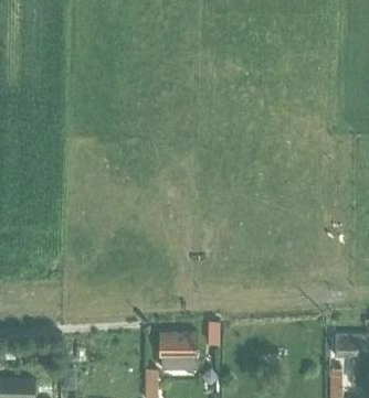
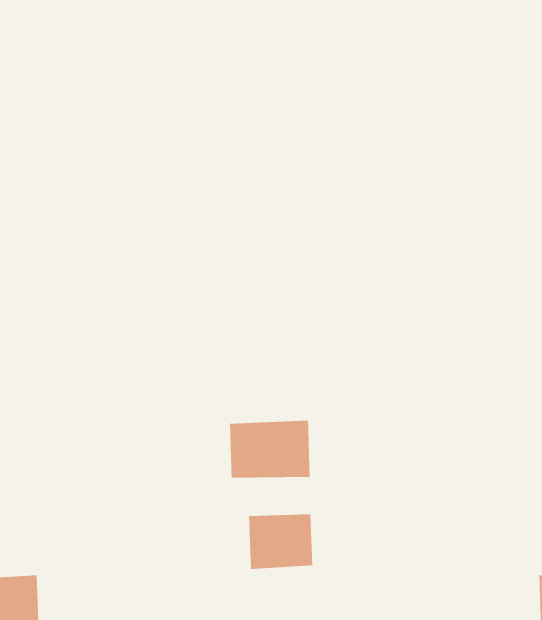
building: none -> [229,420,310,479]

